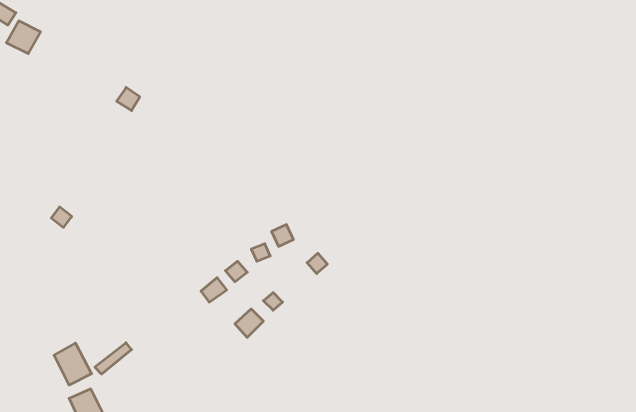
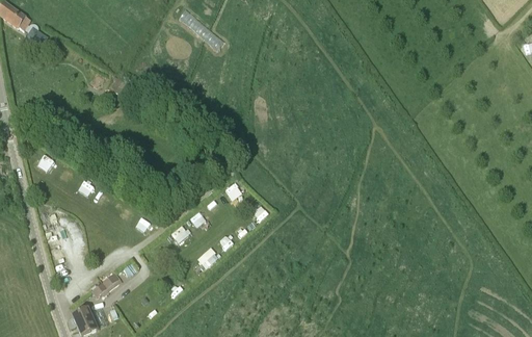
building: [54,343,92,385] -> none

